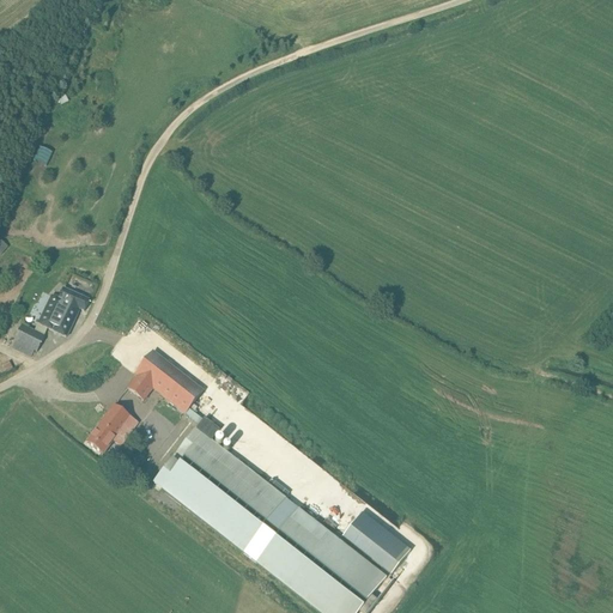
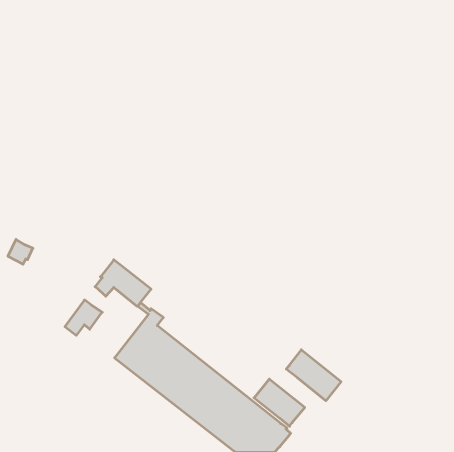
building: [38,286,90,335] -> none
building: none -> [286,350,341,401]

